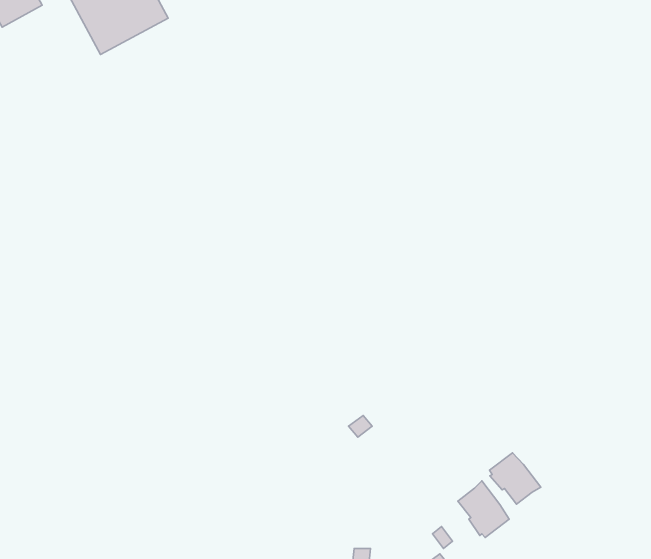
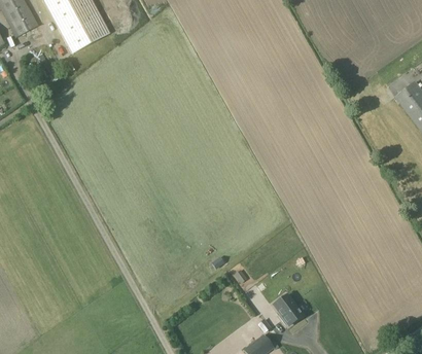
building: [490,453,541,504] -> none

